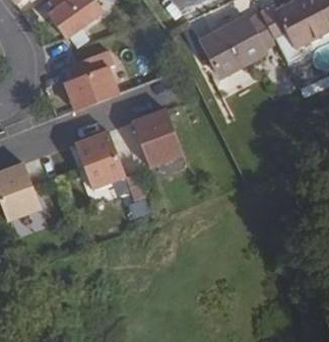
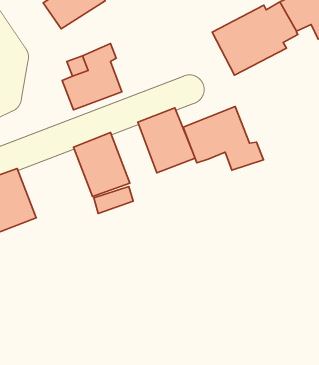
building: none -> [183,107,263,170]

